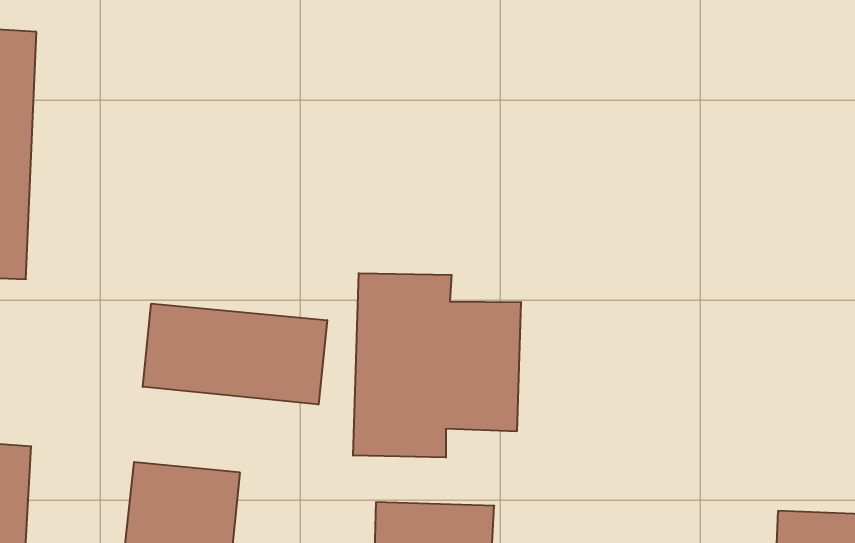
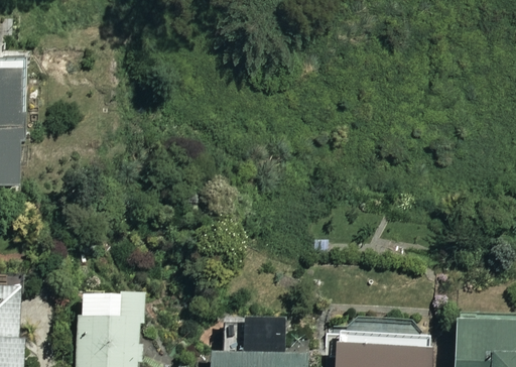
building: [353,273,521,458] -> none
building: [143,304,327,405] -> none

